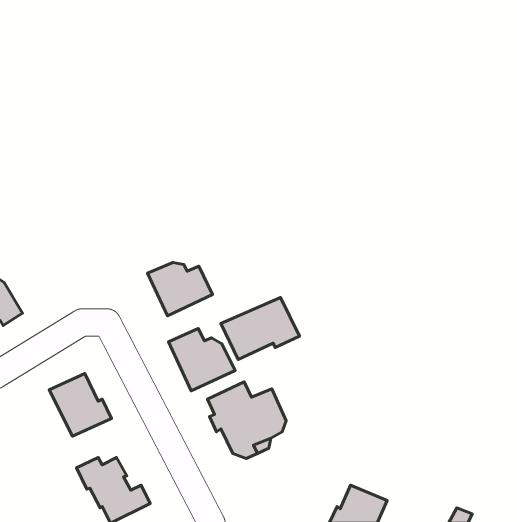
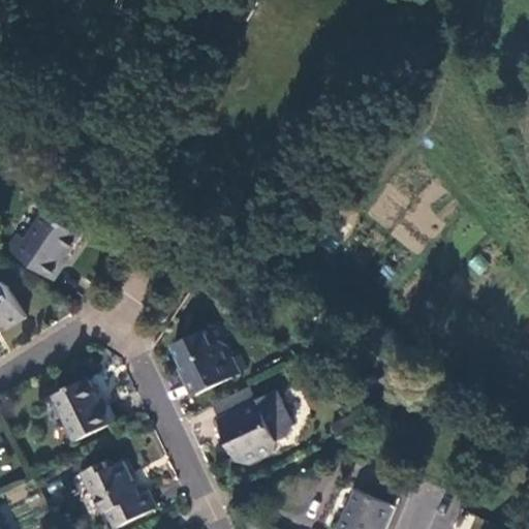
building: none -> [6,213,80,280]
building: [148,262,212,316] -> none
building: [221,298,300,359] -> none

